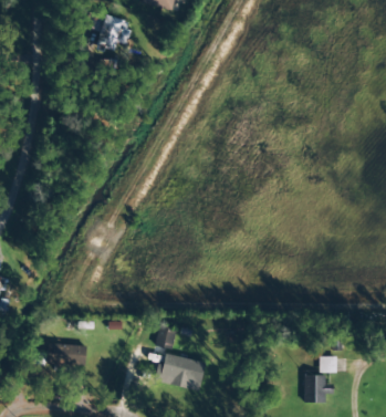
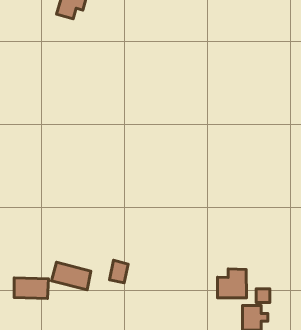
building: none -> [218,269,246,298]
building: [160,354,205,385] -> [52,262,91,290]

